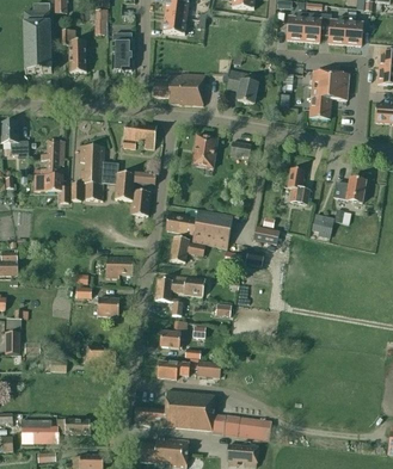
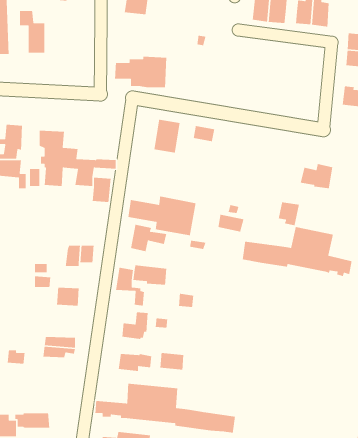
building: [112,33,131,72] -> none
building: [226,70,257,104] -> none
building: [309,72,349,119] -> none
building: [122,123,156,149] -> none
building: [288,168,309,205] -> none
building: none -> [242,226,353,277]

